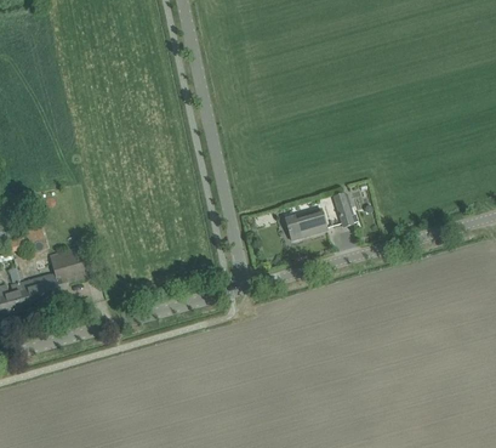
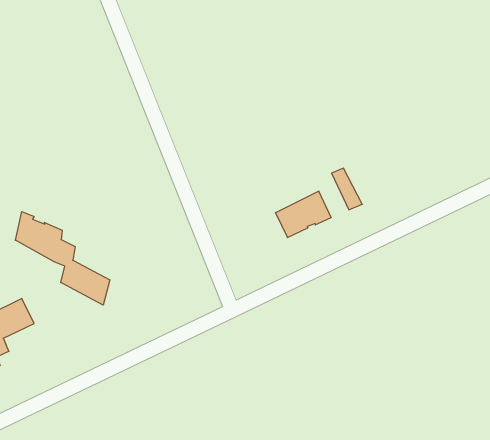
building: none -> [15,212,110,305]

